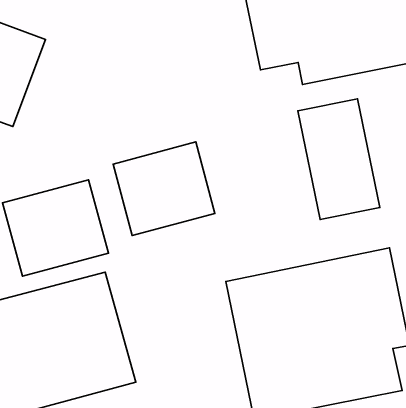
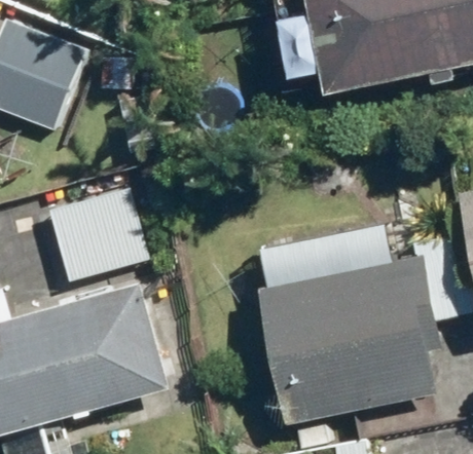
building: [298,99,380,219] -> none
building: [113,142,215,236] -> none

